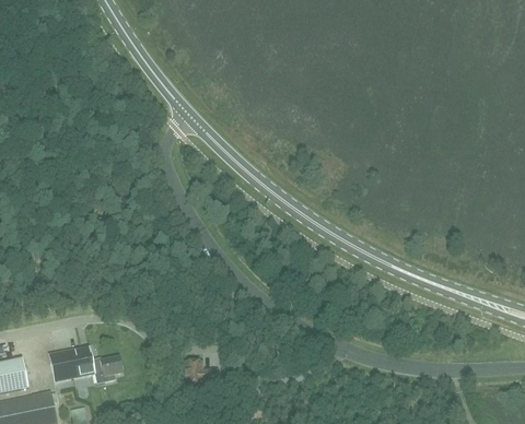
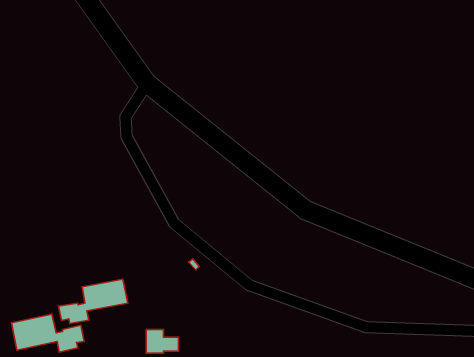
building: none -> [58,279,128,323]

